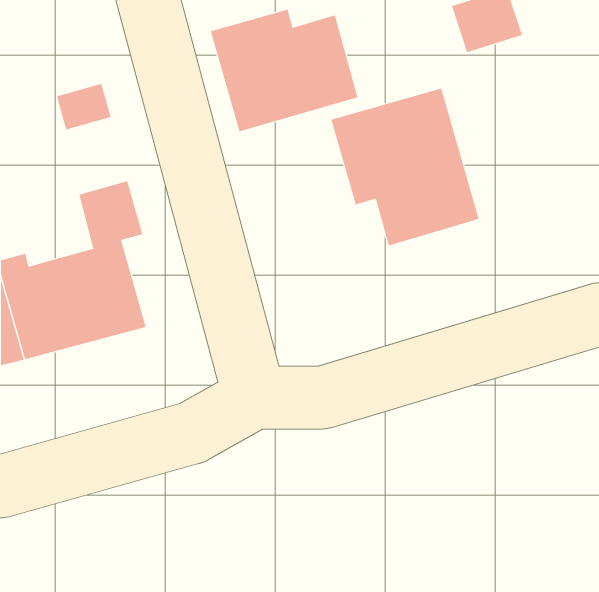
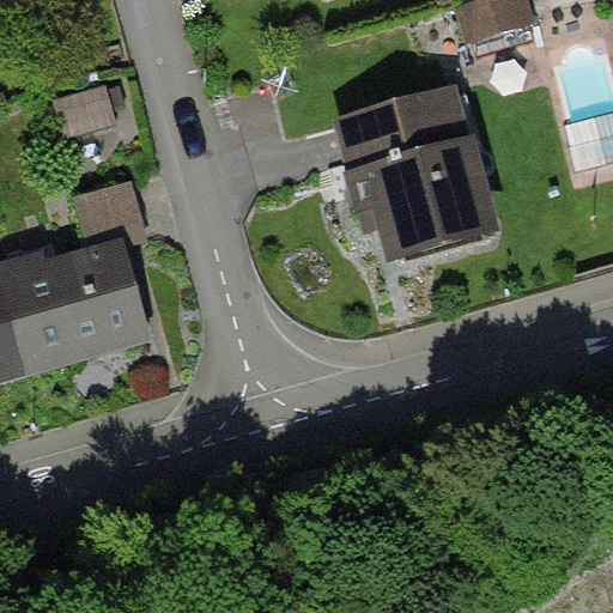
building: [210,9,358,132] -> none

